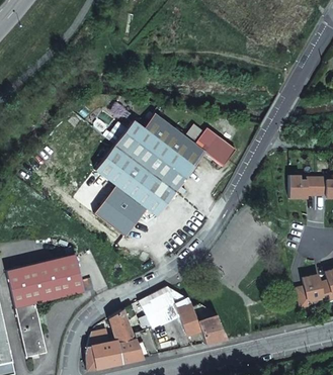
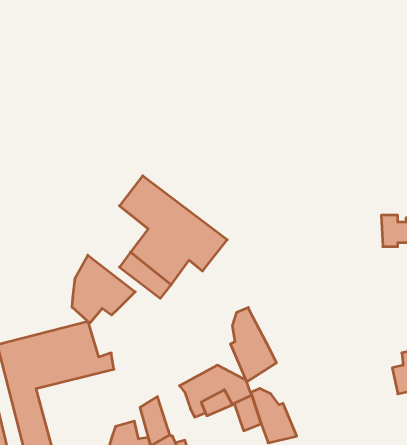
building: [111,118,236,193] -> none
building: none -> [72,255,135,323]
building: none -> [230,307,276,382]

